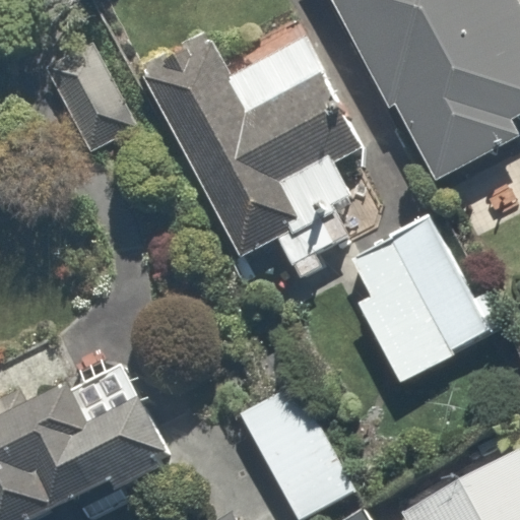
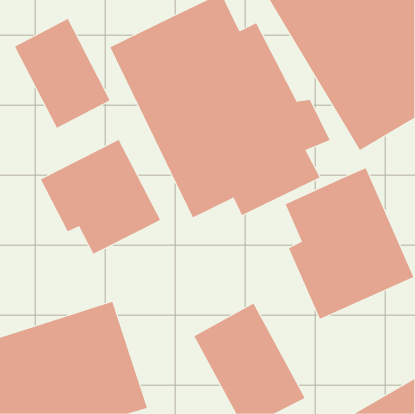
building: none -> [40,139,161,255]

